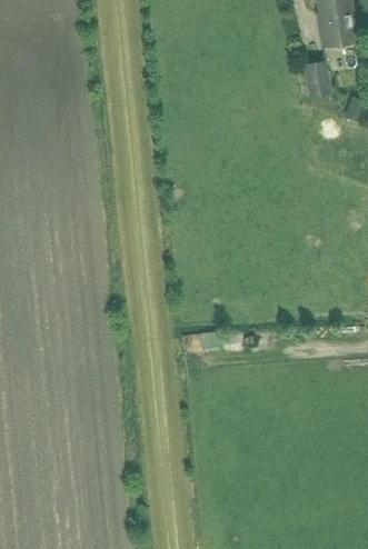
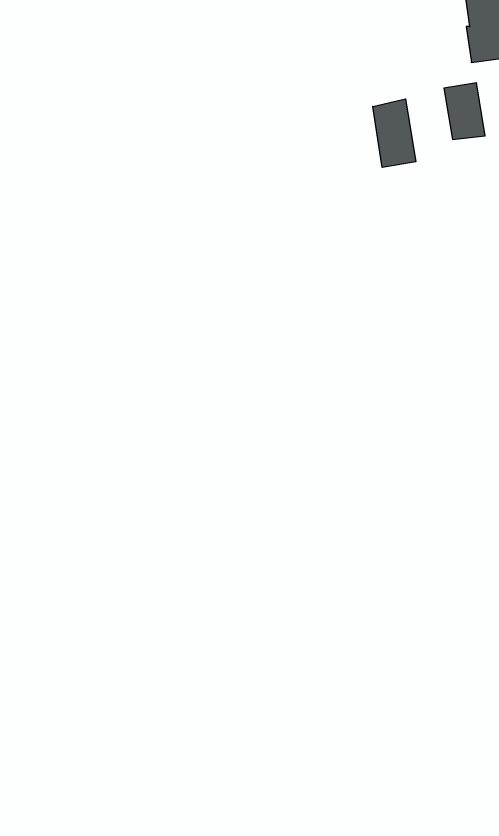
building: none -> [373,99,416,167]

